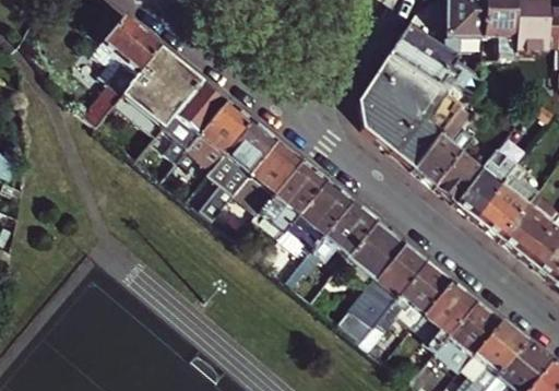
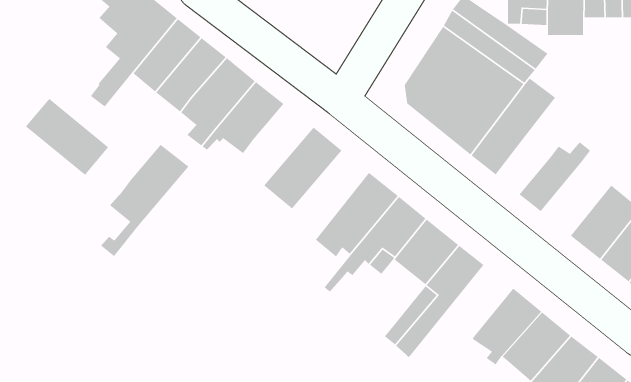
building: none -> [25,98,109,176]
building: [200,119,277,217] -> [100,144,190,257]
building: [436,147,483,198] -> none
building: [253,159,325,237] -> none
building: [475,169,536,234] -> none
building: [360,259,451,347] -> none

